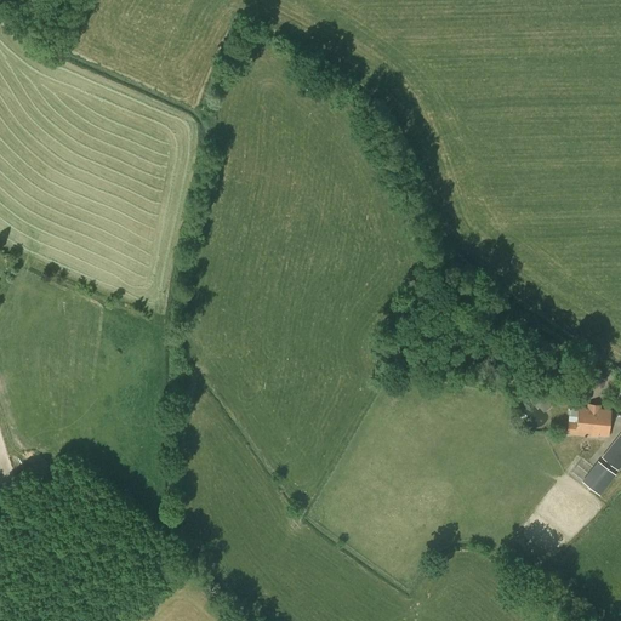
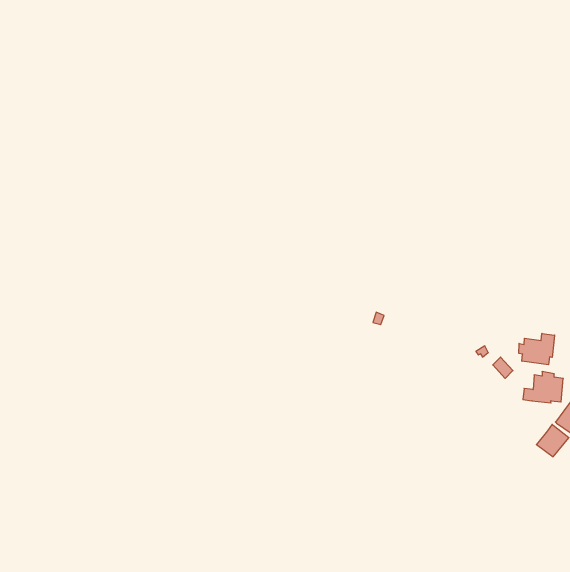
building: none -> [519,333,555,365]

